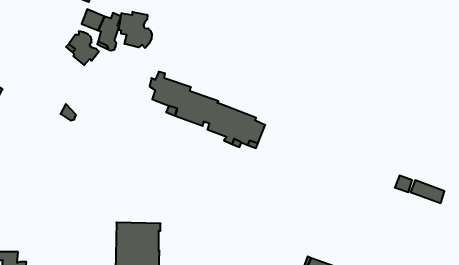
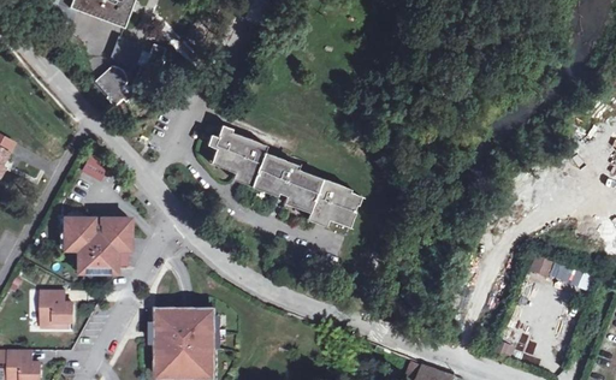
building: [119,12,152,48] -> none
building: none -> [64,218,130,272]
building: none -> [41,295,72,332]

